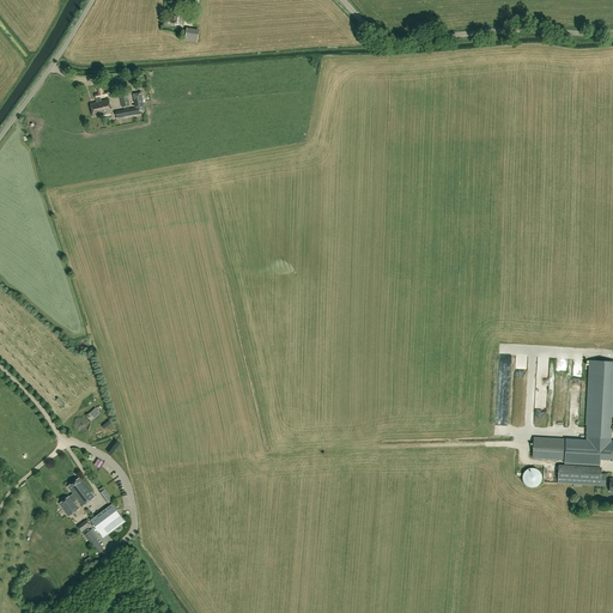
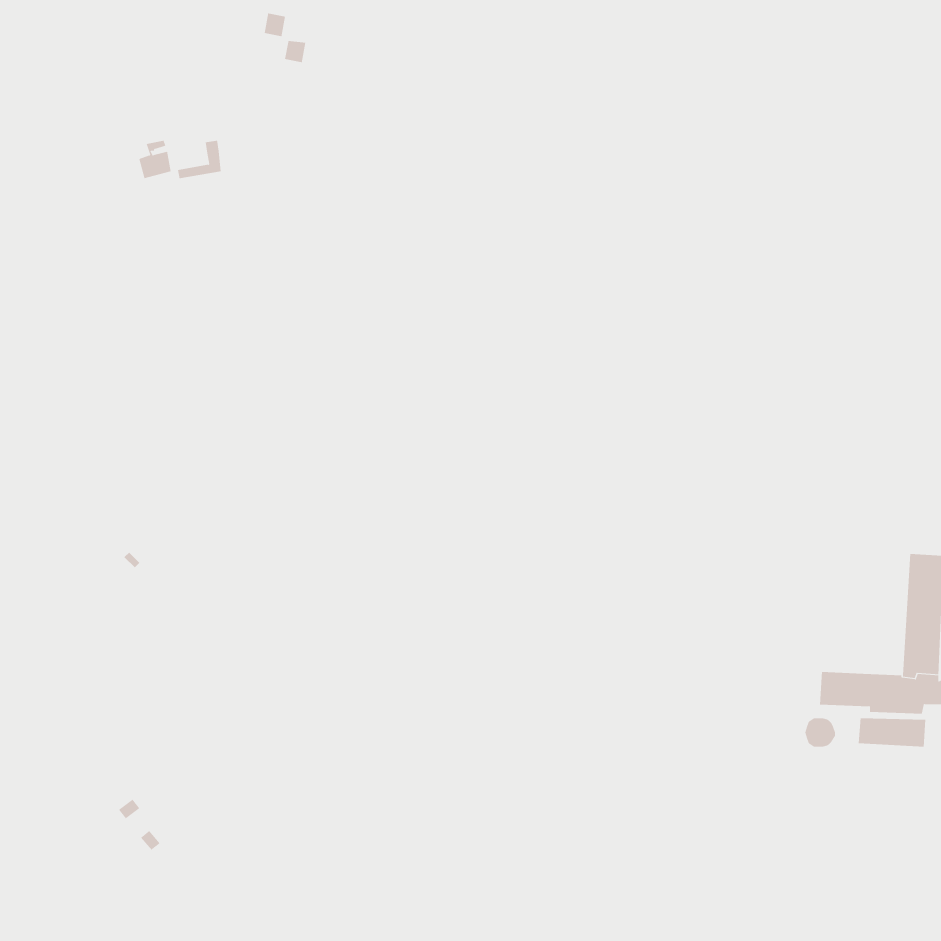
building: [61,477,96,516] -> none
building: [92,504,126,536] -> none

